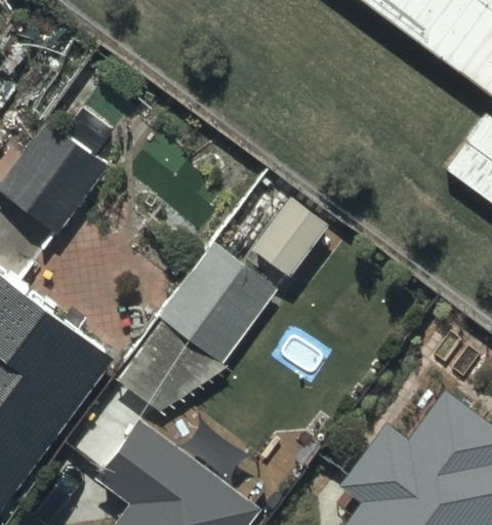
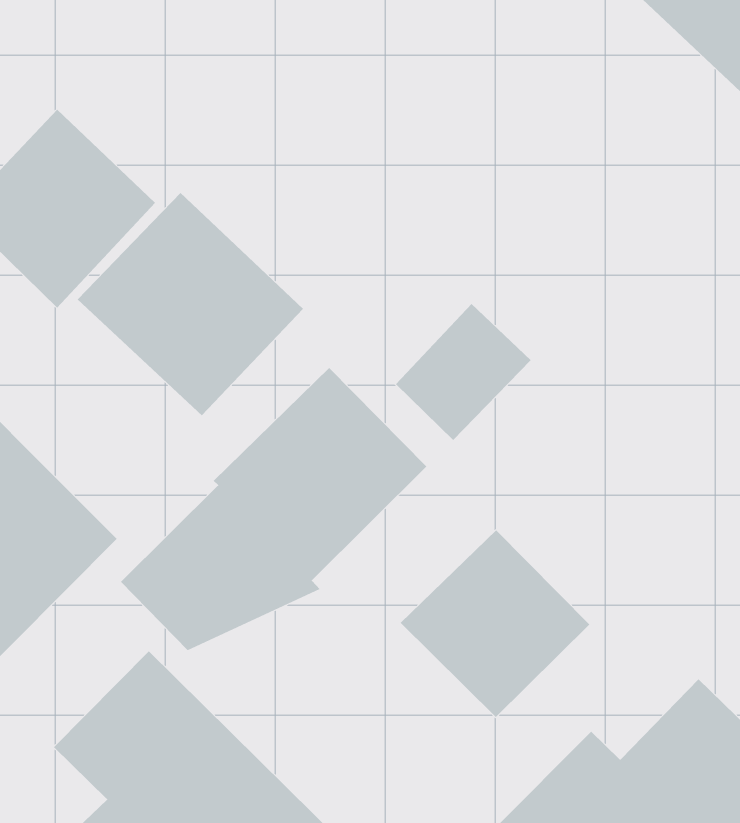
building: none -> [77,192,304,416]
building: none -> [400,529,590,718]

